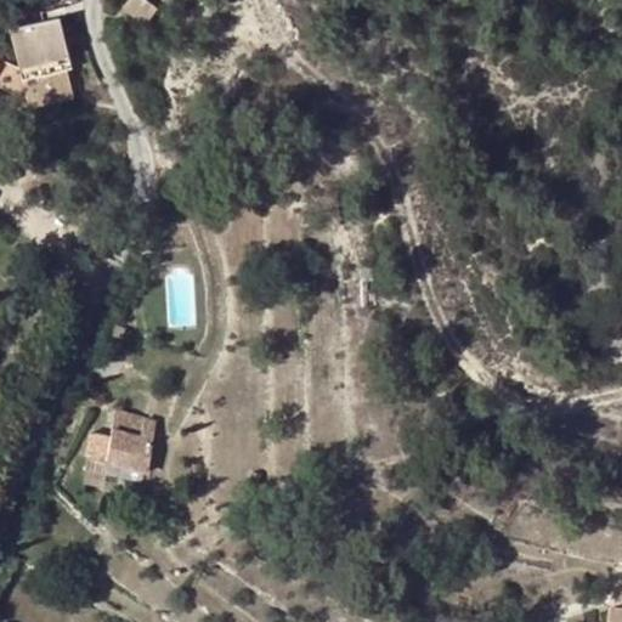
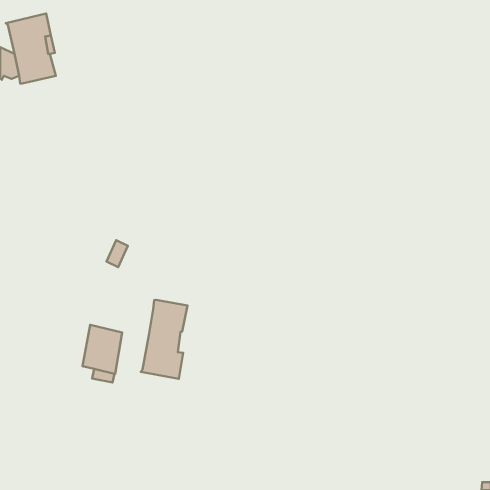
building: none -> [141,300,188,379]

